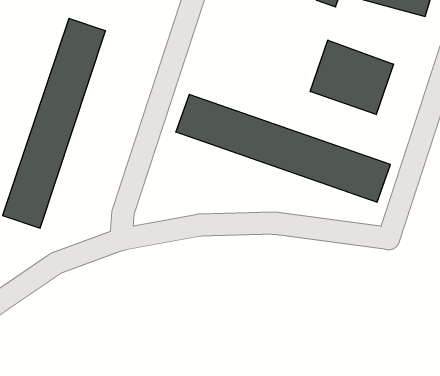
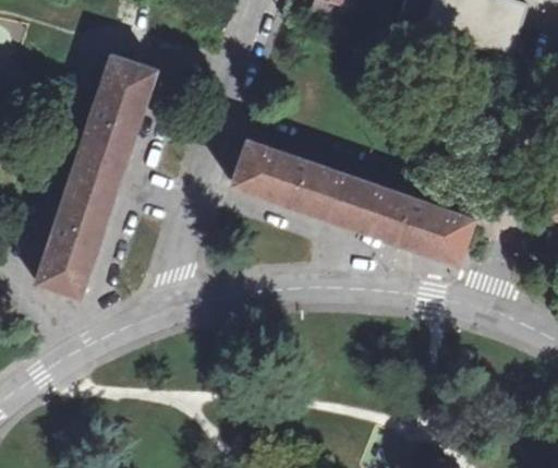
building: [310,40,393,115] -> none

